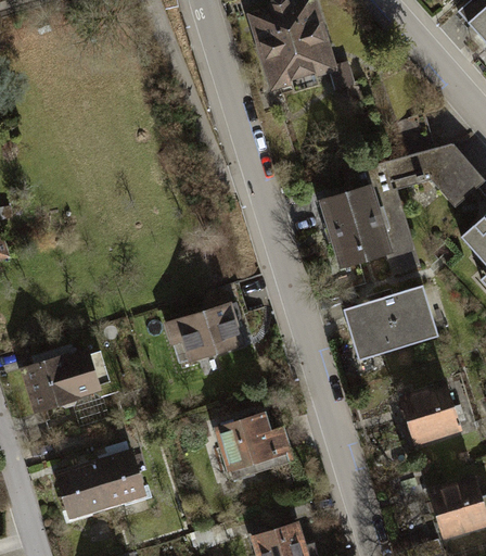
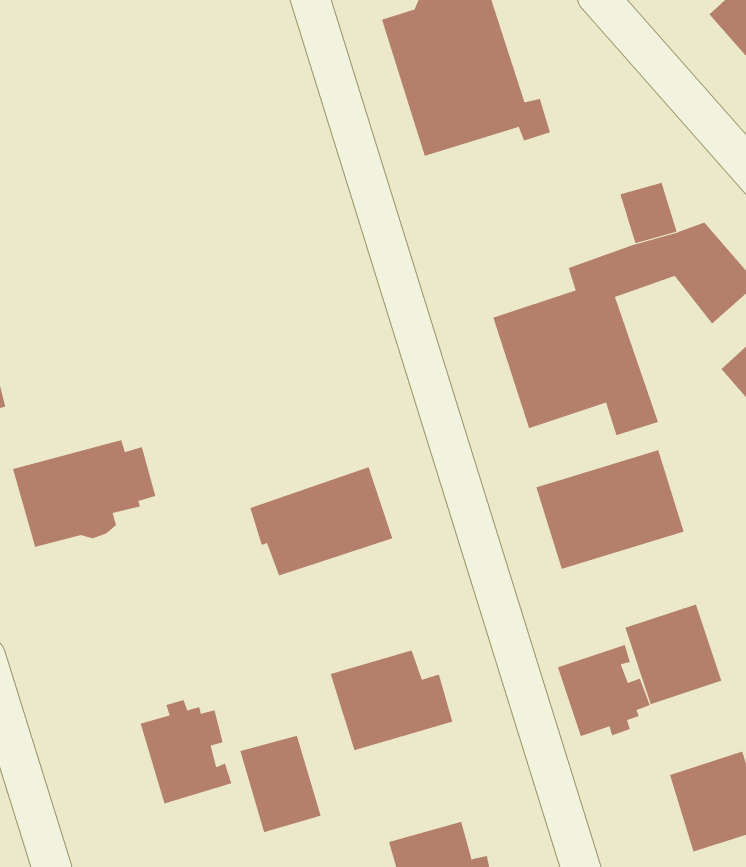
building: [17,345,108,414] -> [12,440,156,547]
building: none -> [557,644,651,737]
building: [56,459,108,521] -> [239,735,322,833]

